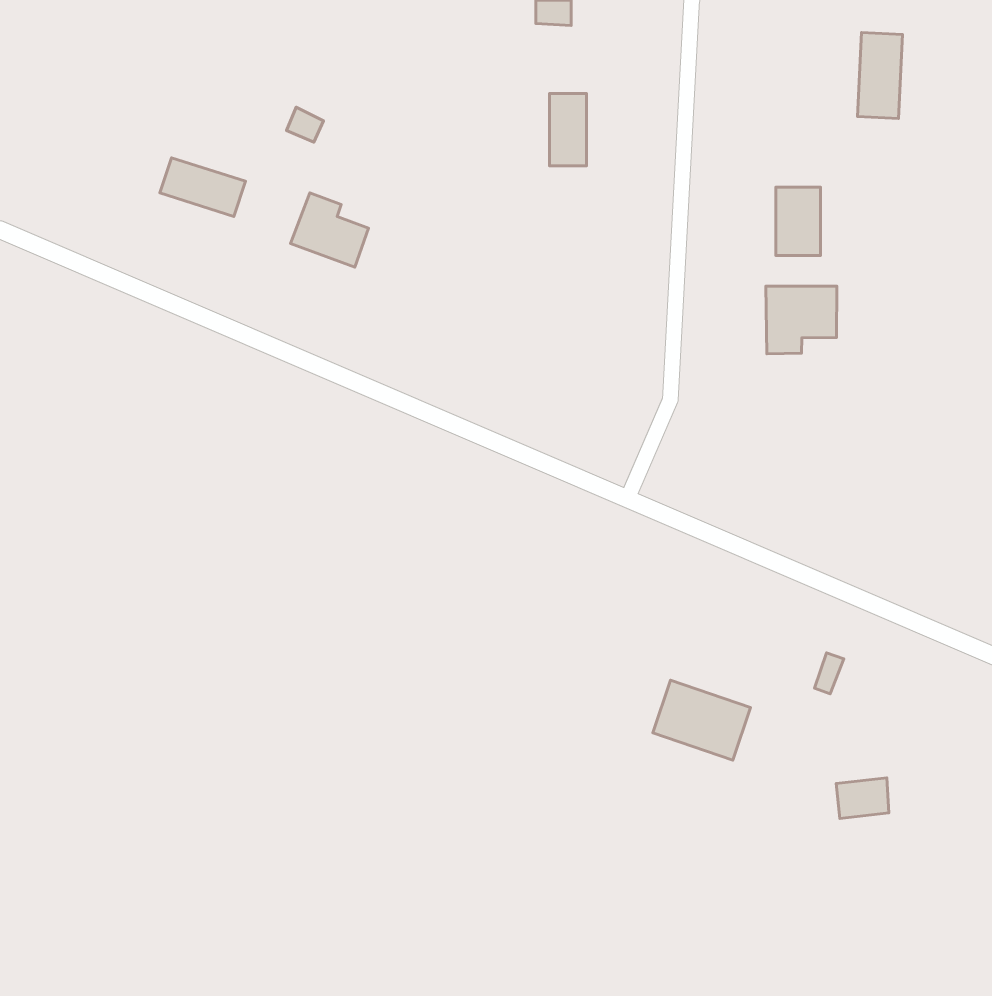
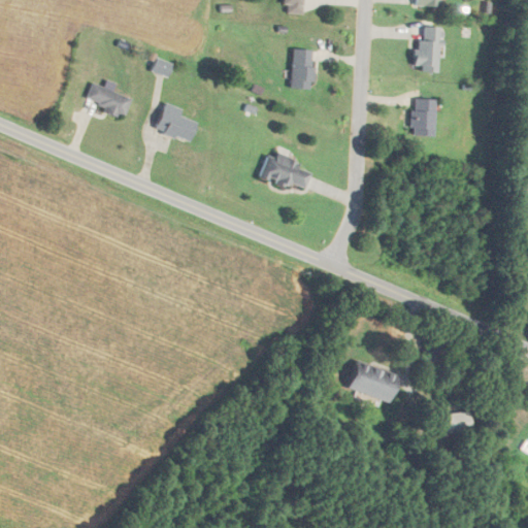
building: [858,33,902,118] -> [418,26,441,71]
building: [766,286,837,354] -> none
building: none -> [261,155,312,190]

